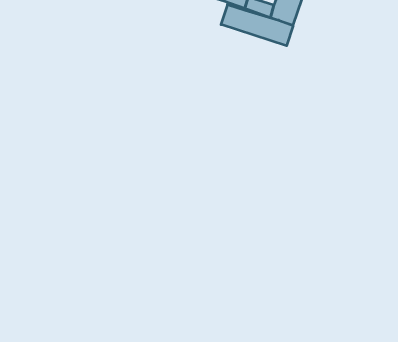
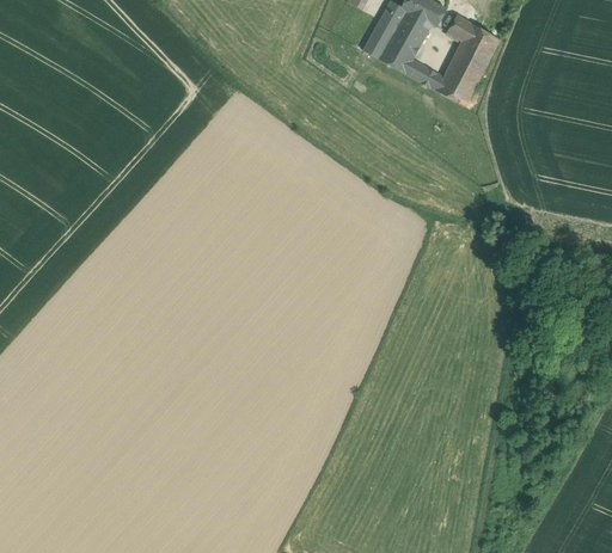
building: [221,4,293,46] -> none

